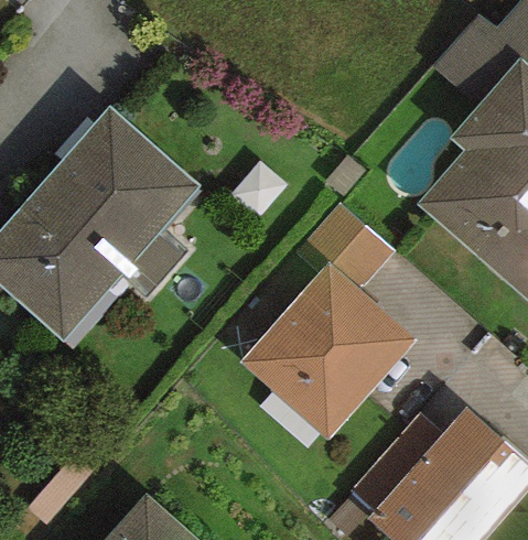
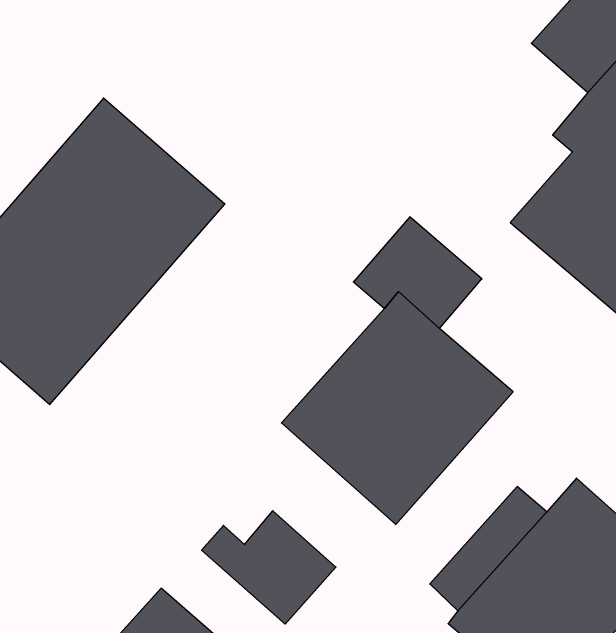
building: none -> [202,511,336,624]

